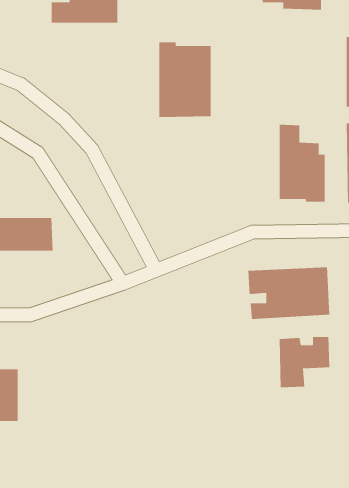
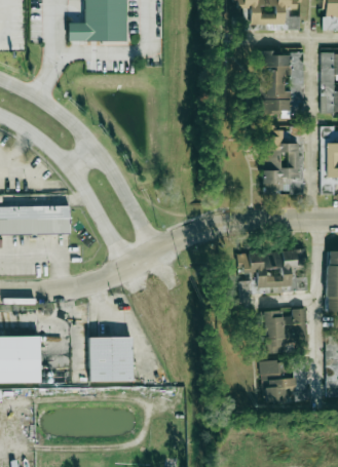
building: [159,42,211,118] -> [259,50,304,115]
building: none -> [87,338,133,381]
building: none -> [261,360,296,402]

